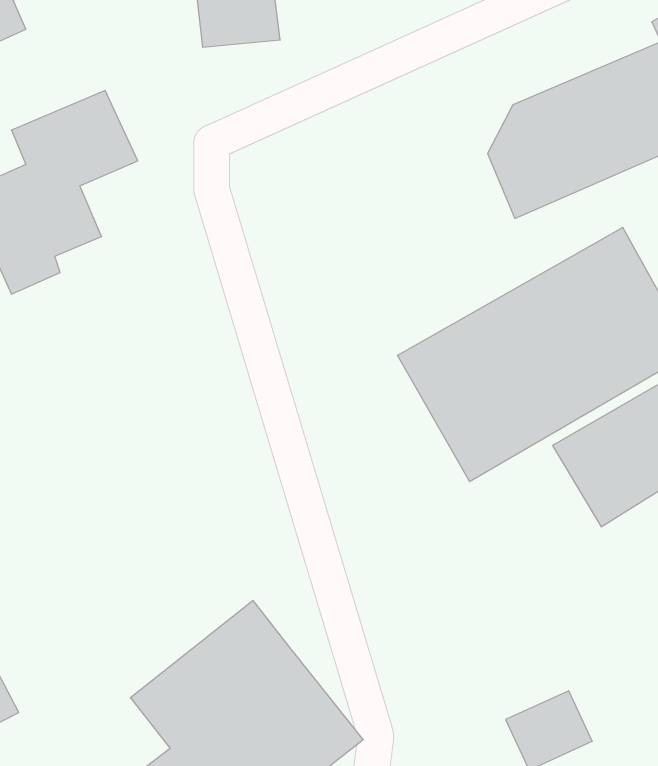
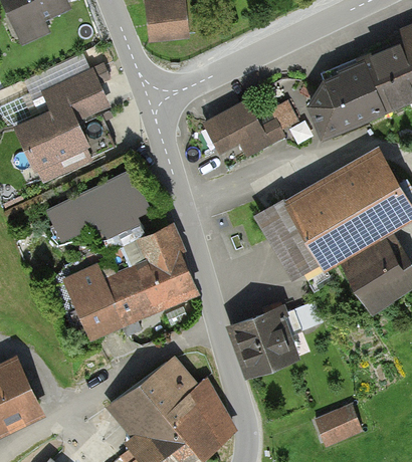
building: none -> [204,97,303,166]
building: none -> [44,172,148,238]
building: none -> [65,223,200,338]
building: none -> [229,309,295,378]

